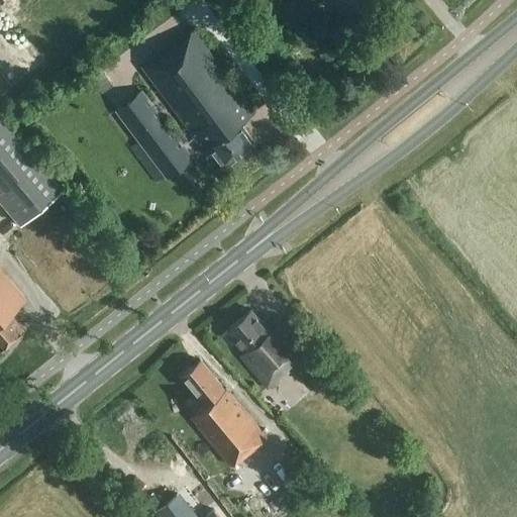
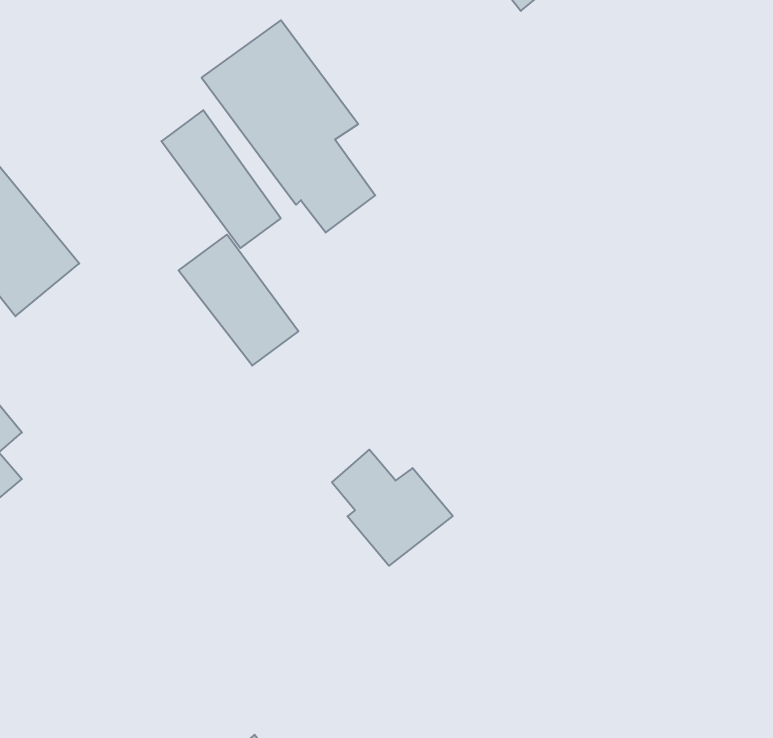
building: none -> [179,235,298,366]
building: [182,363,266,467] -> none

